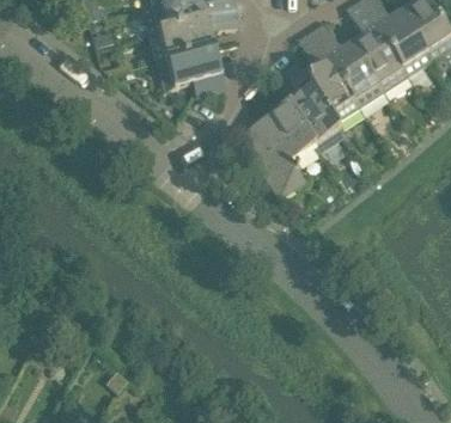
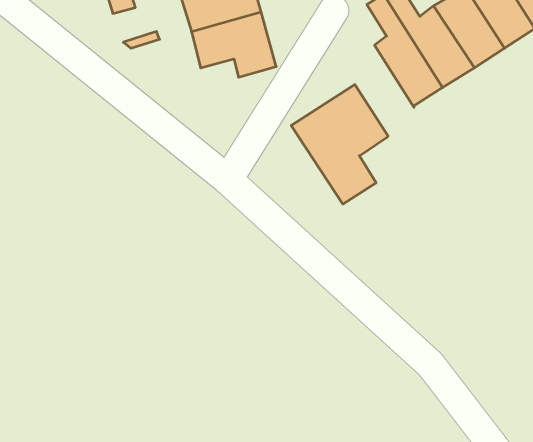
building: [282,62,343,153] -> none

